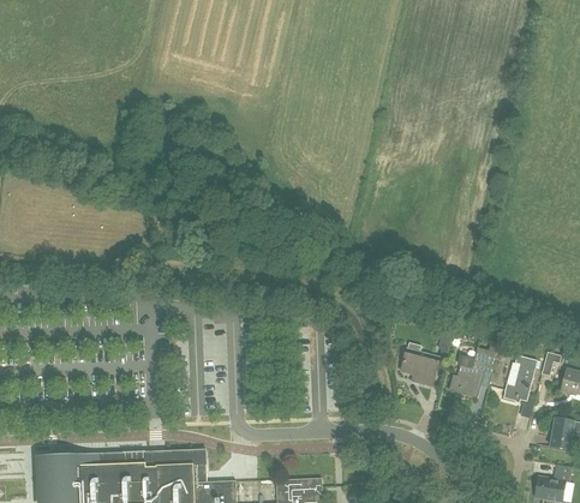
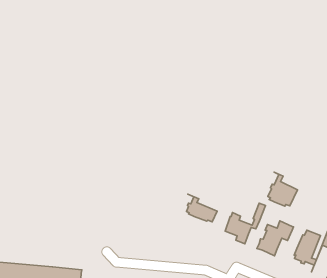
building: none -> [268,172,297,206]
building: none -> [186,194,217,222]

